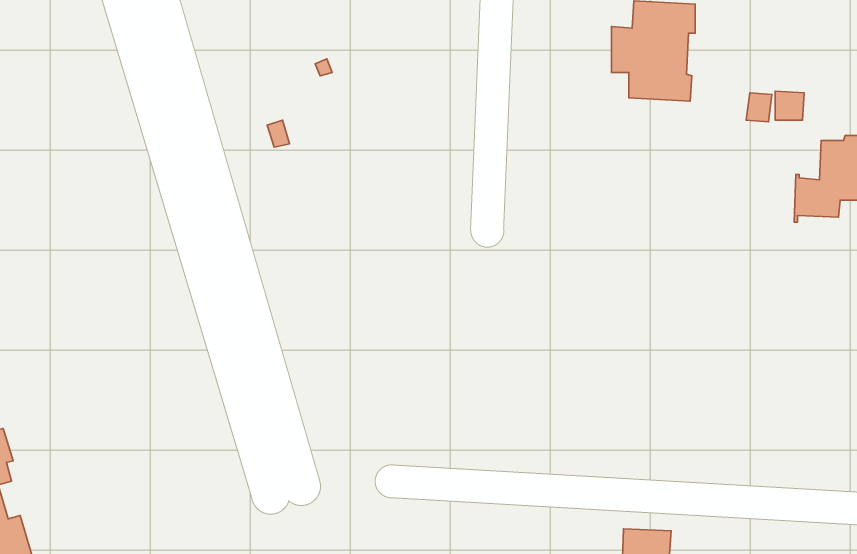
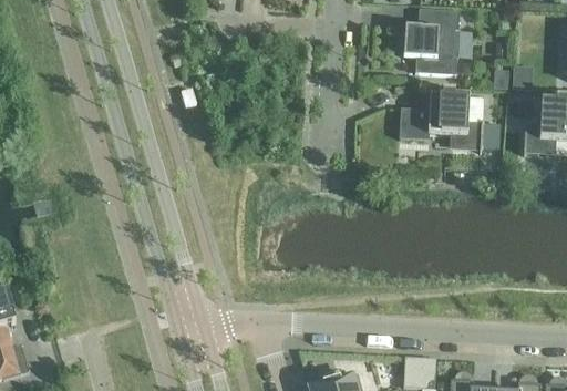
building: none -> [399,91,497,151]

